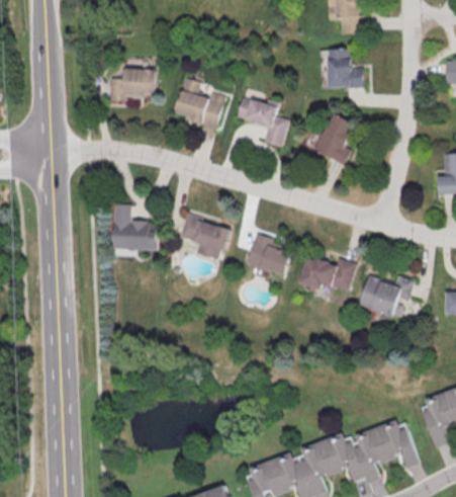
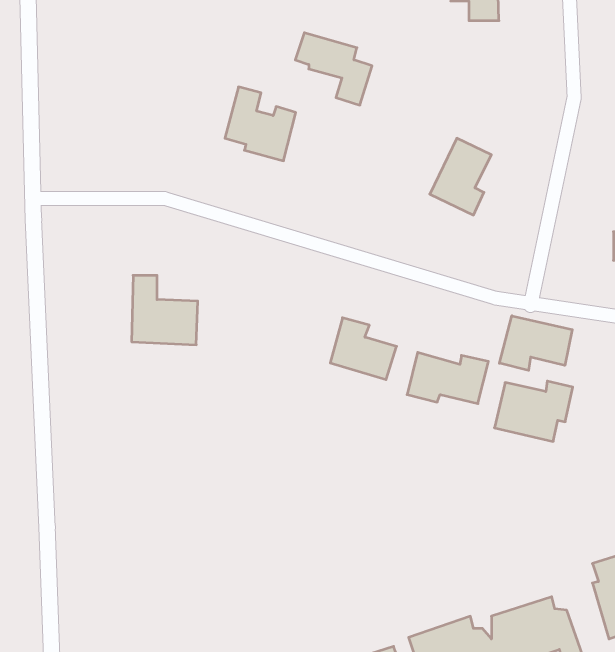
building: [323,49,364,86] -> none
building: [109,68,157,101] -> none
building: [237,100,288,149] -> [295,33,372,105]
building: [180,216,232,259] -> none
building: none -> [499,316,572,370]

